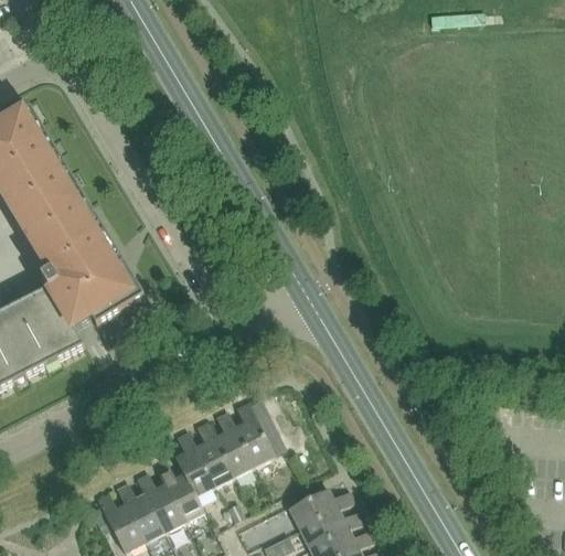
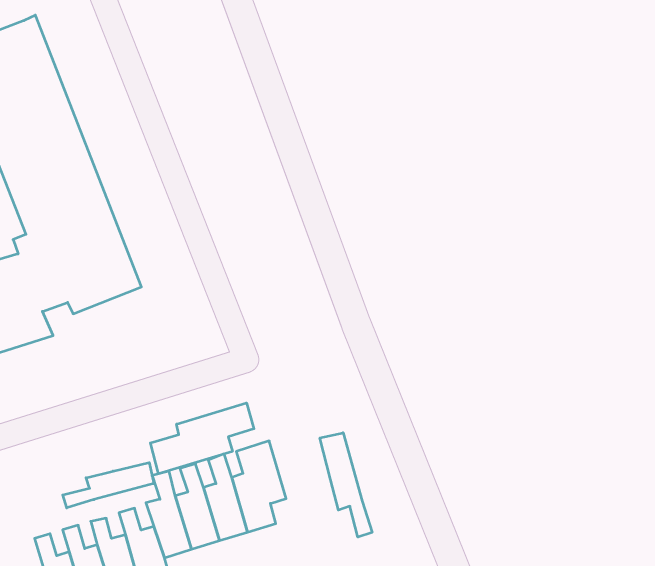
building: none -> [150,403,254,474]
building: none -> [320,433,372,537]
building: none -> [63,463,154,508]

